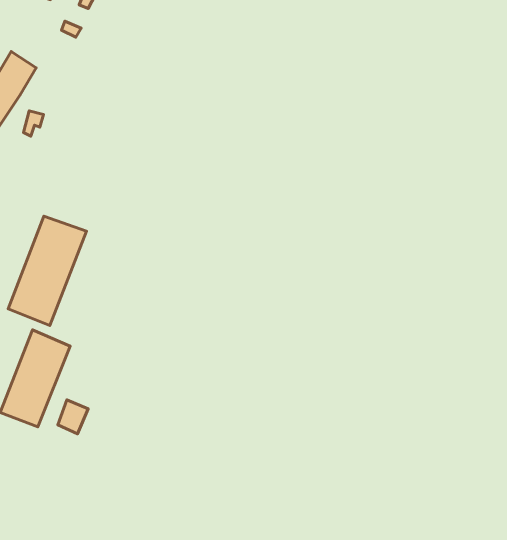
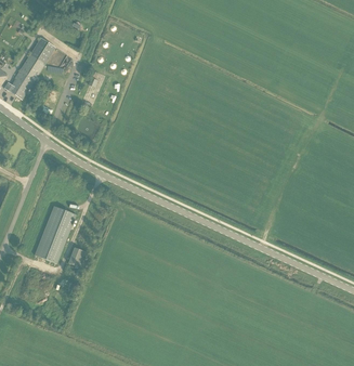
building: [8,216,87,326] -> none

